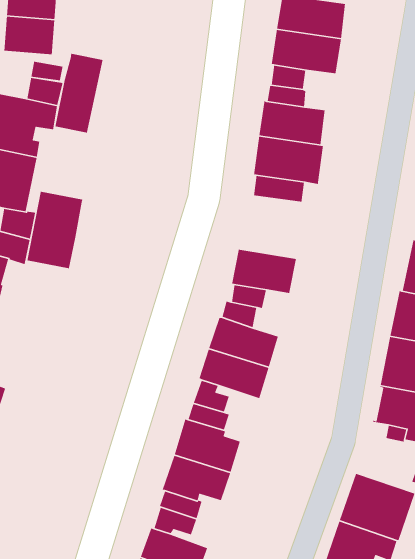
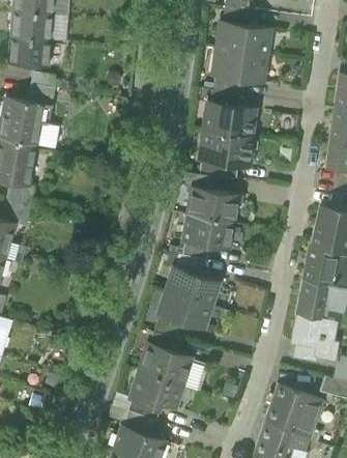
building: [54,53,103,134] -> none
building: [26,191,84,269] -> none
building: none -> [189,187,242,221]

